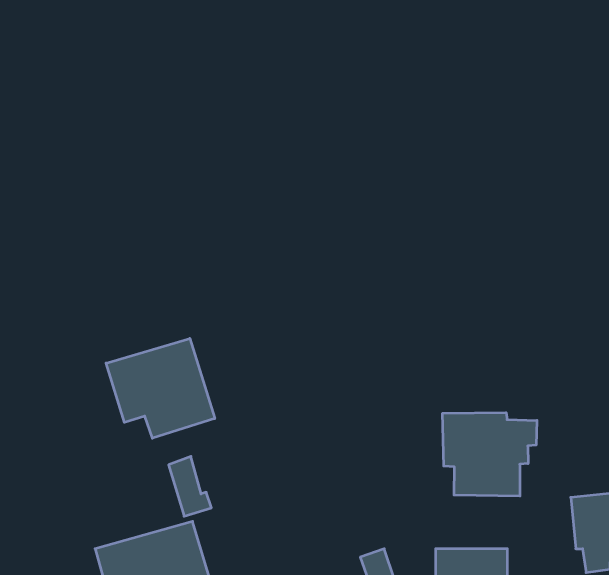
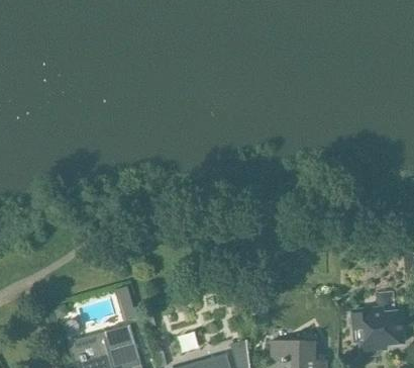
building: [106,338,215,438] -> none
building: [443,413,537,496] -> none

